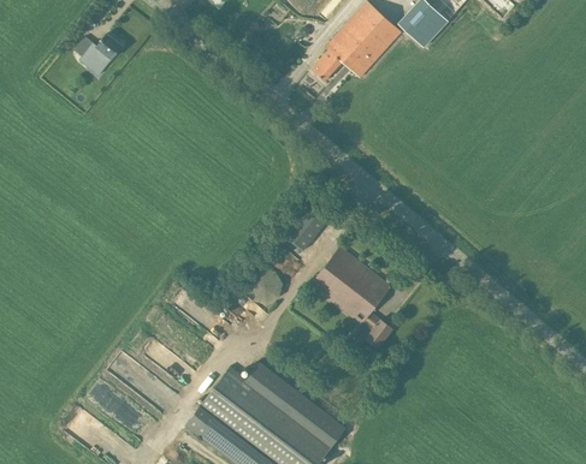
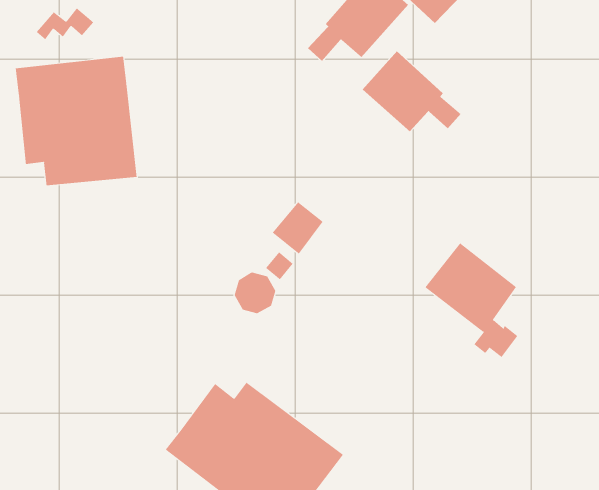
building: none -> [362,50,462,132]
building: none -> [15,56,137,186]
building: [309,245,392,347] -> [425,243,518,358]

